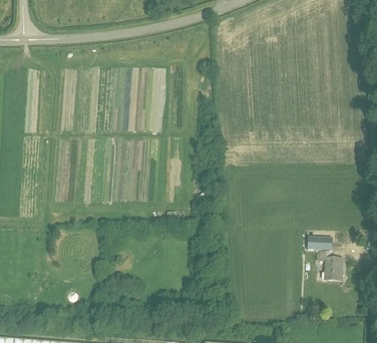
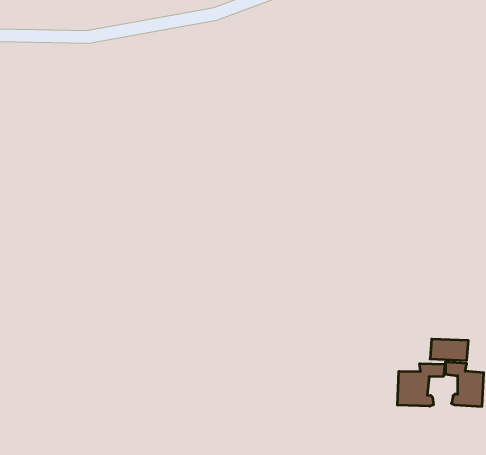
building: none -> [397,364,445,406]

